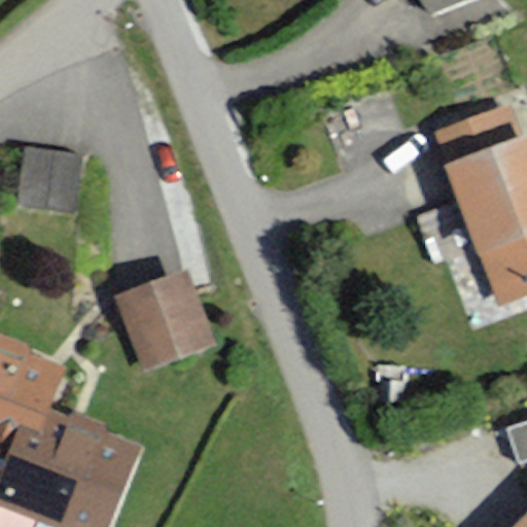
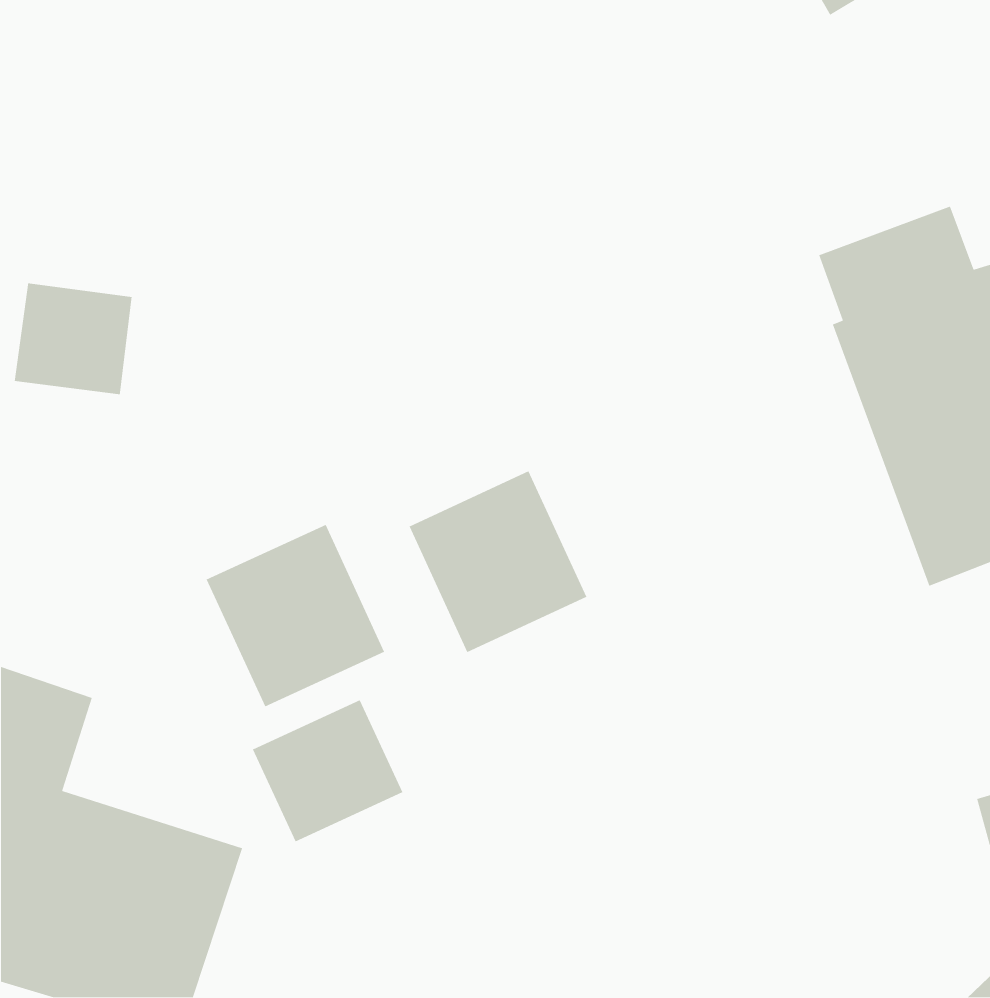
building: none -> [408,470,587,653]
building: none -> [252,699,404,843]

